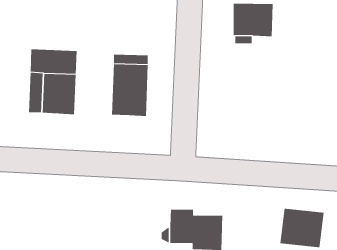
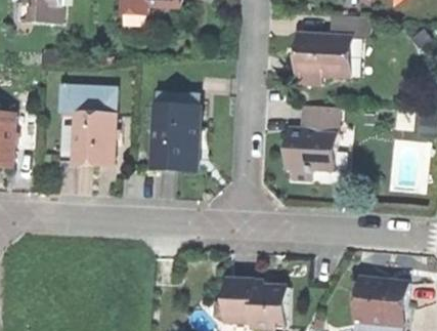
building: none -> [286,106,338,180]

